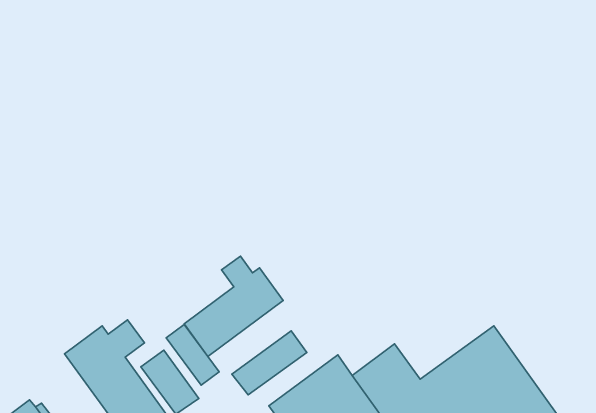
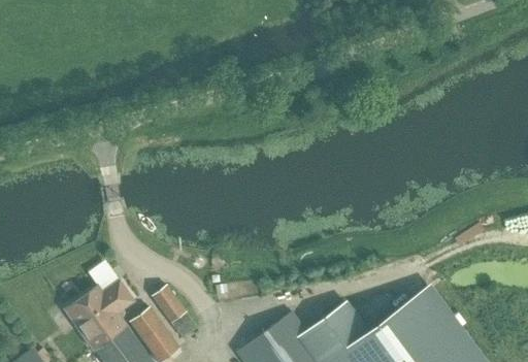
building: [184,256,283,356] -> none
building: [232,331,307,395] -> none

